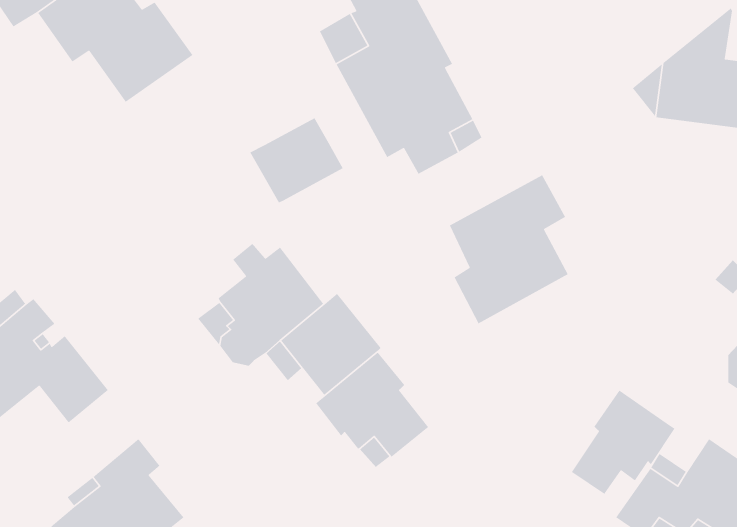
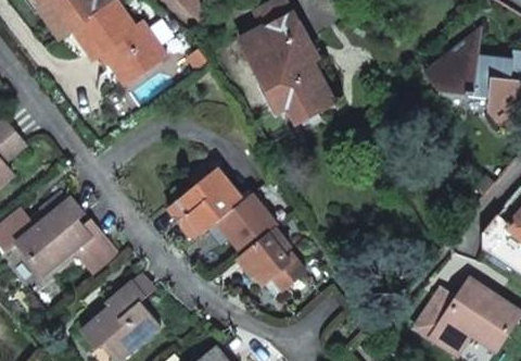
building: [249,117,344,204] -> none
building: [449,174,569,324] -> none
building: [571,390,675,495] -> none

